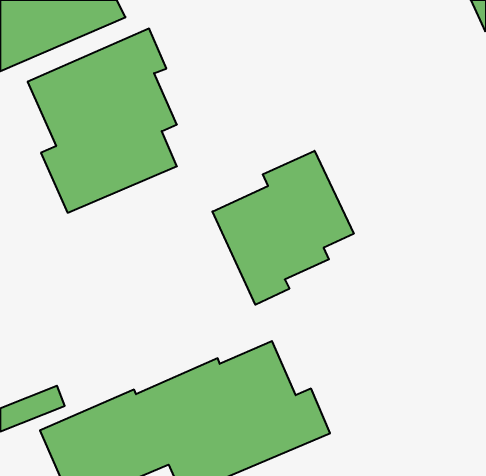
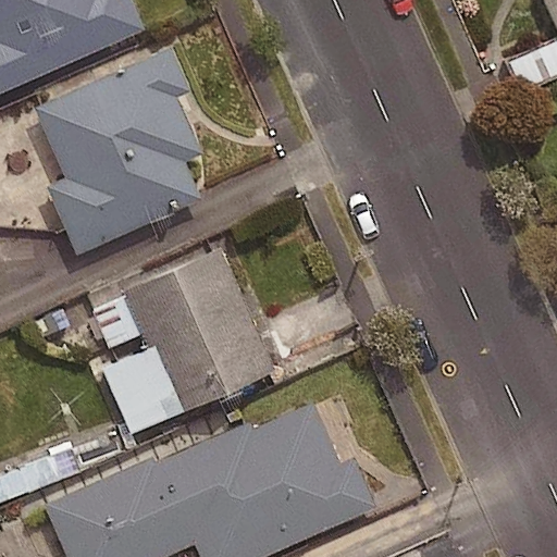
building: [212,151,354,305] -> none
building: none -> [100,247,277,437]

